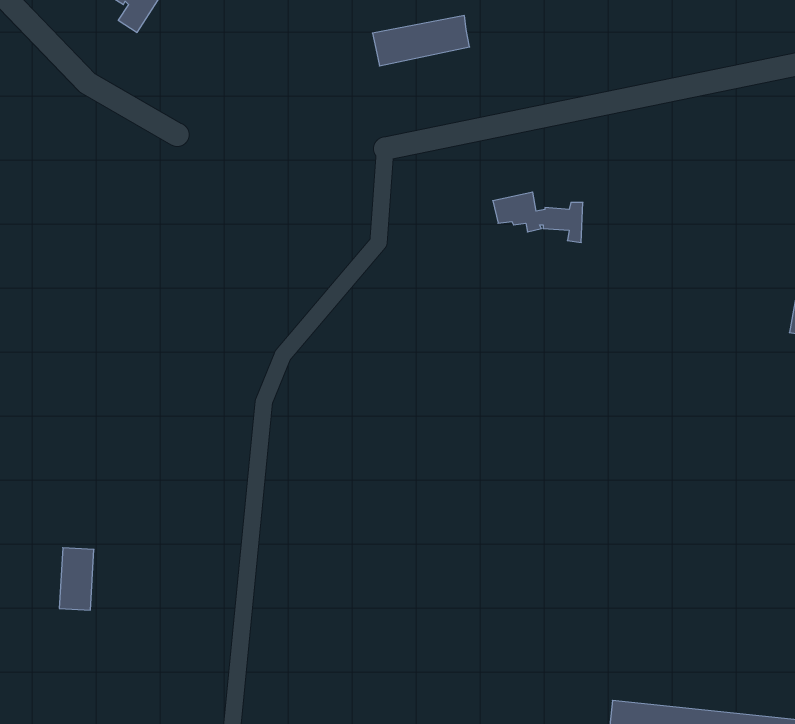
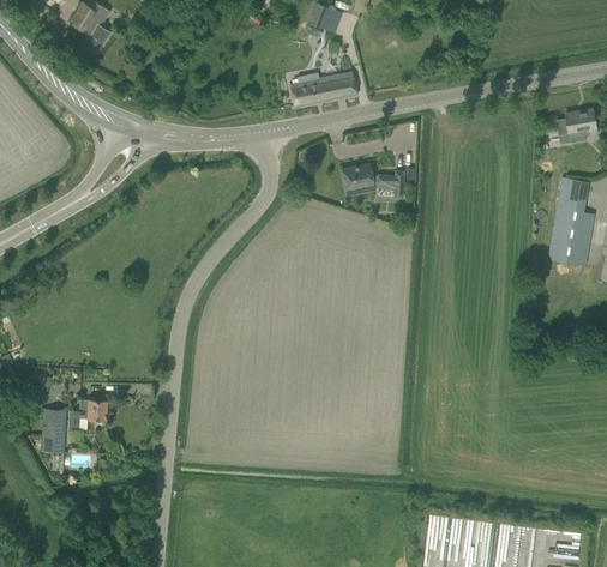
building: [372,16,470,66] -> [290,72,357,107]
building: none -> [68,399,107,429]

